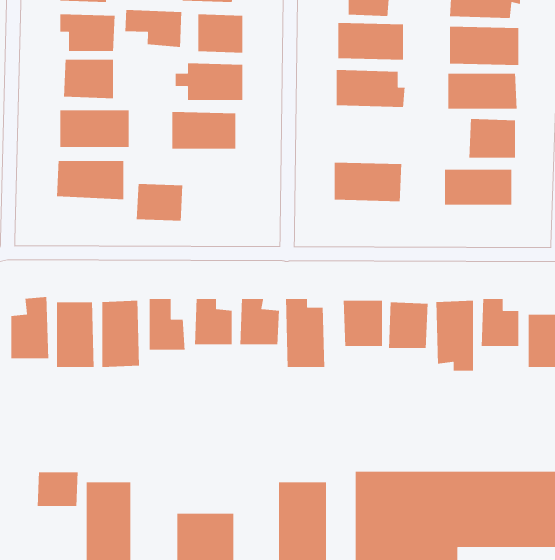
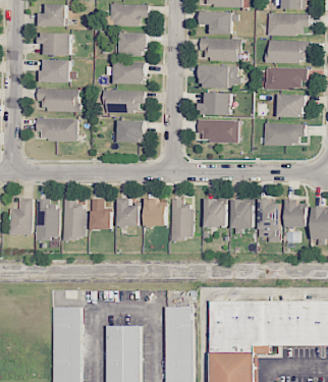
building: [125,9,182,48] -> none
building: none -> [198,93,229,115]
building: [136,183,183,221] -> [116,120,144,143]
building: [37,471,78,507] -> none

